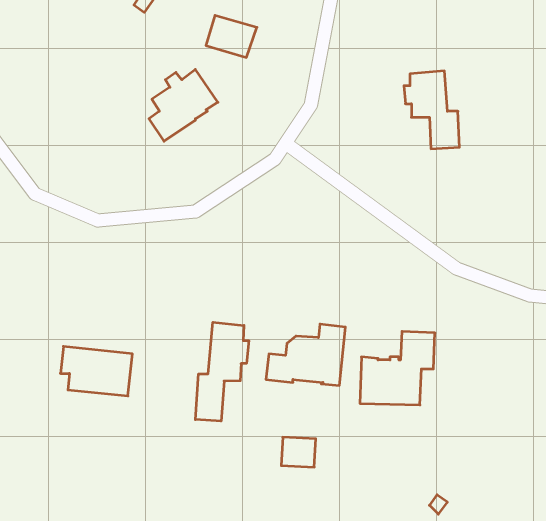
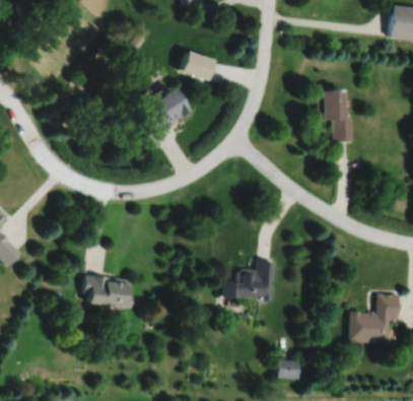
building: [195,322,249,421] -> none
building: [360,331,435,405] -> [350,294,401,344]
building: [281,437,316,467] -> [278,360,301,381]

